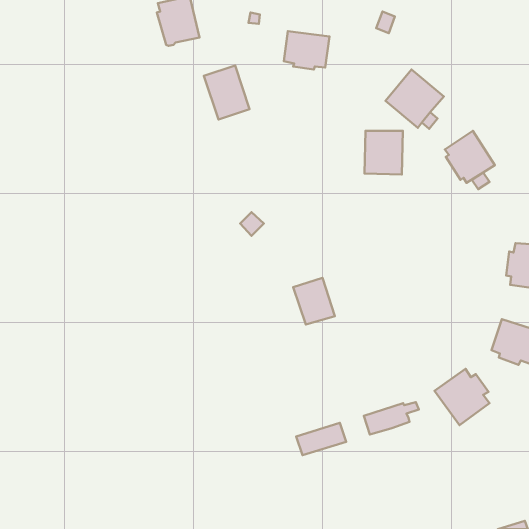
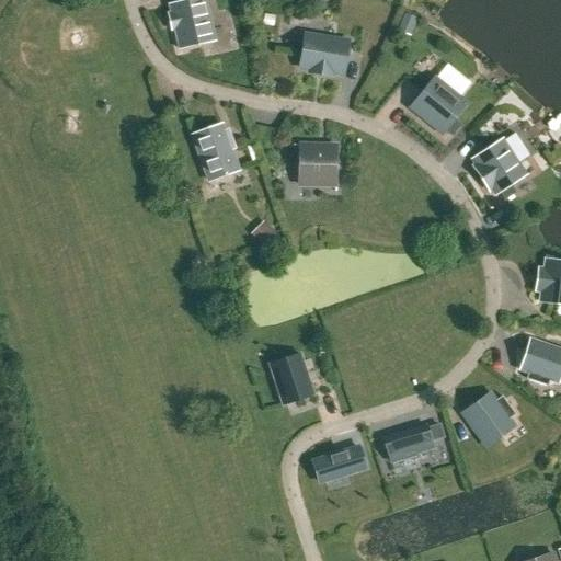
building: [204,66,250,120] -> [192,125,240,182]
building: [364,131,403,174] -> [299,141,340,187]
building: [293,278,335,325] -> [268,353,312,402]

